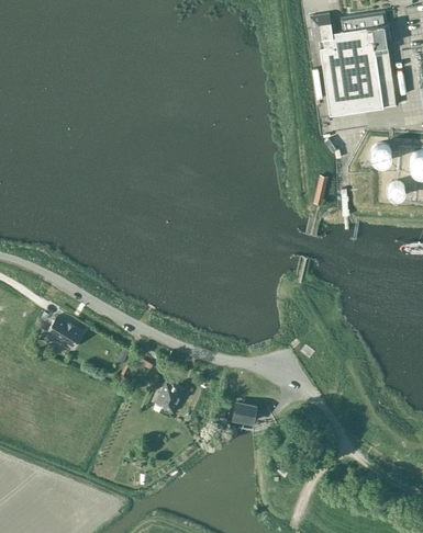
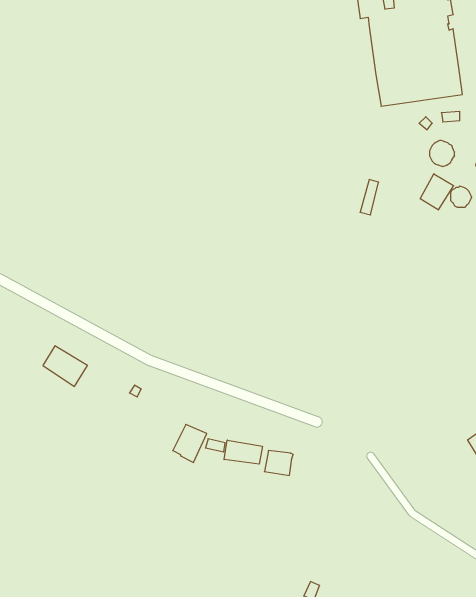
building: none -> [420,174,454,210]
building: none -> [224,440,262,464]

